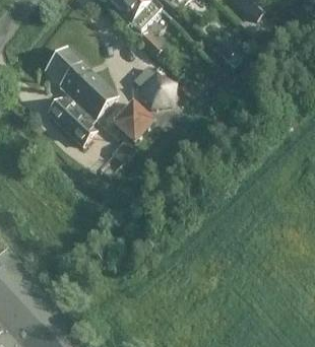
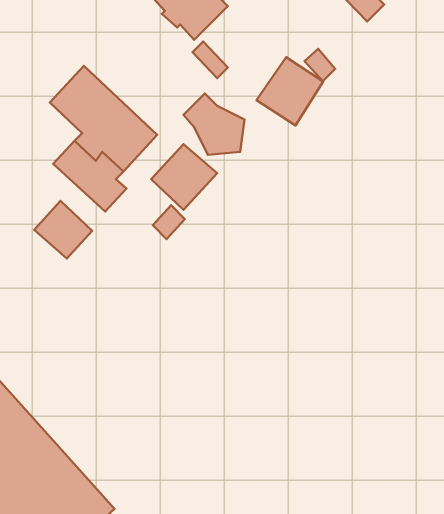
building: none -> [257,57,323,126]
building: none -> [34,201,92,258]

